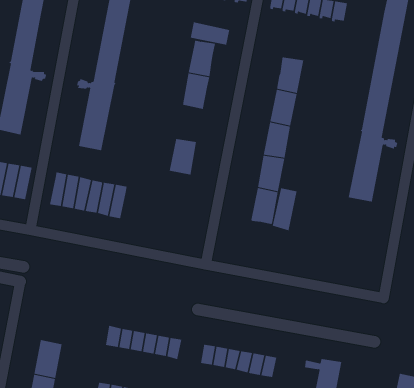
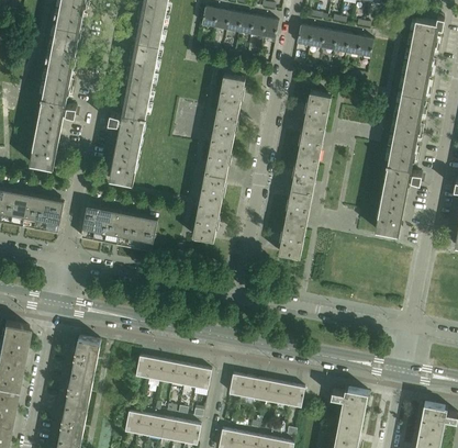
building: [190,21,230,46] -> none
building: none -> [205,138,233,175]
building: none -> [193,203,221,239]
building: [272,188,297,231] -> none
building: none -> [72,336,101,373]

